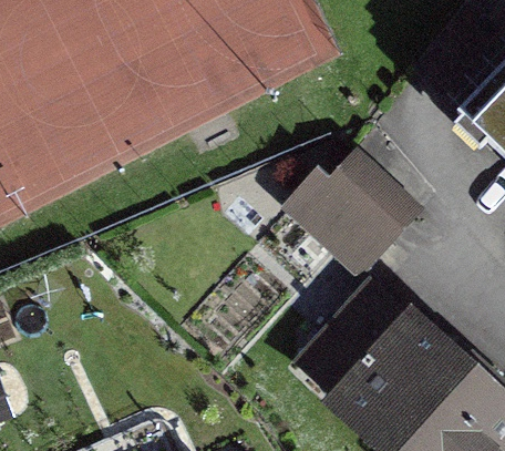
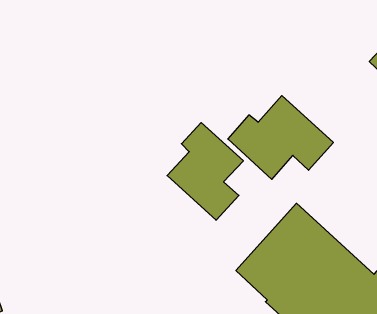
building: none -> [167,123,243,220]

